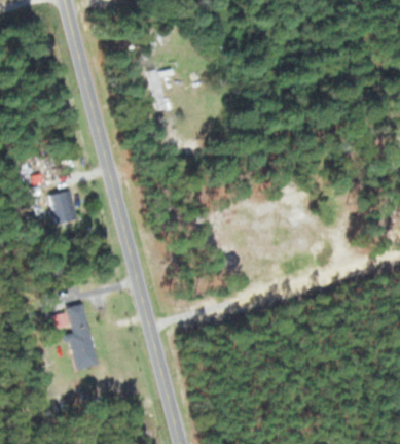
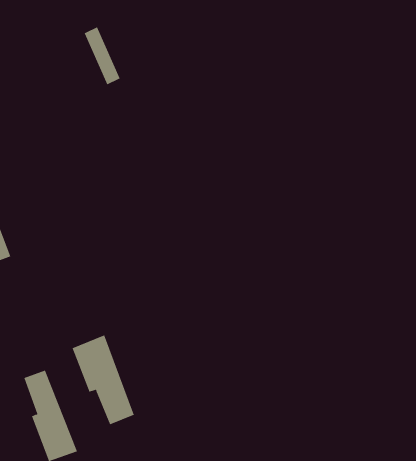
building: none -> [72,335,135,425]

